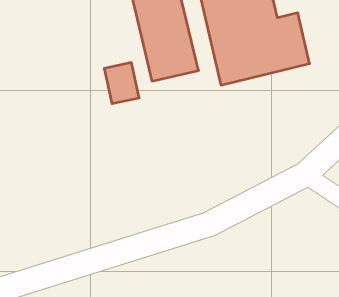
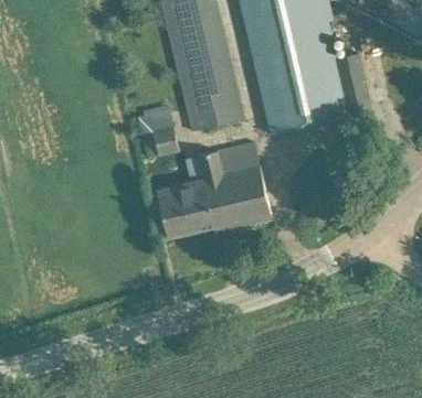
building: none -> [157,142,272,239]

